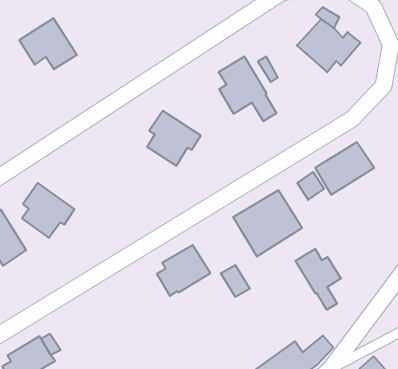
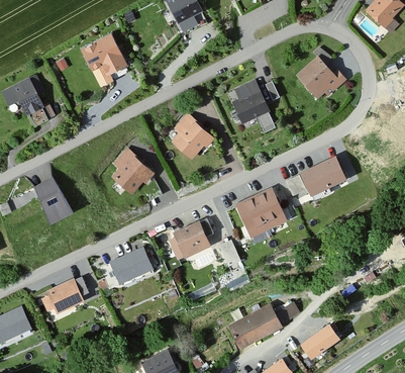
building: [22,183,74,238] -> [112,151,154,194]
building: [296,249,341,310] -> none
building: none -> [109,249,151,284]

